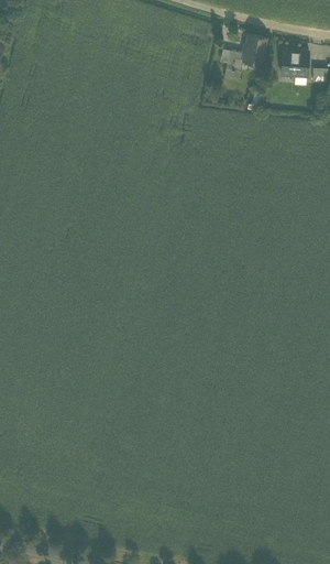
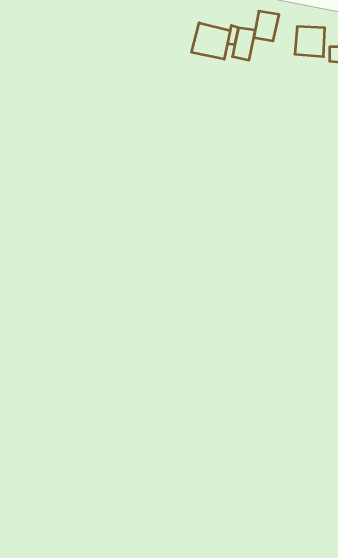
building: none -> [192,23,230,59]

